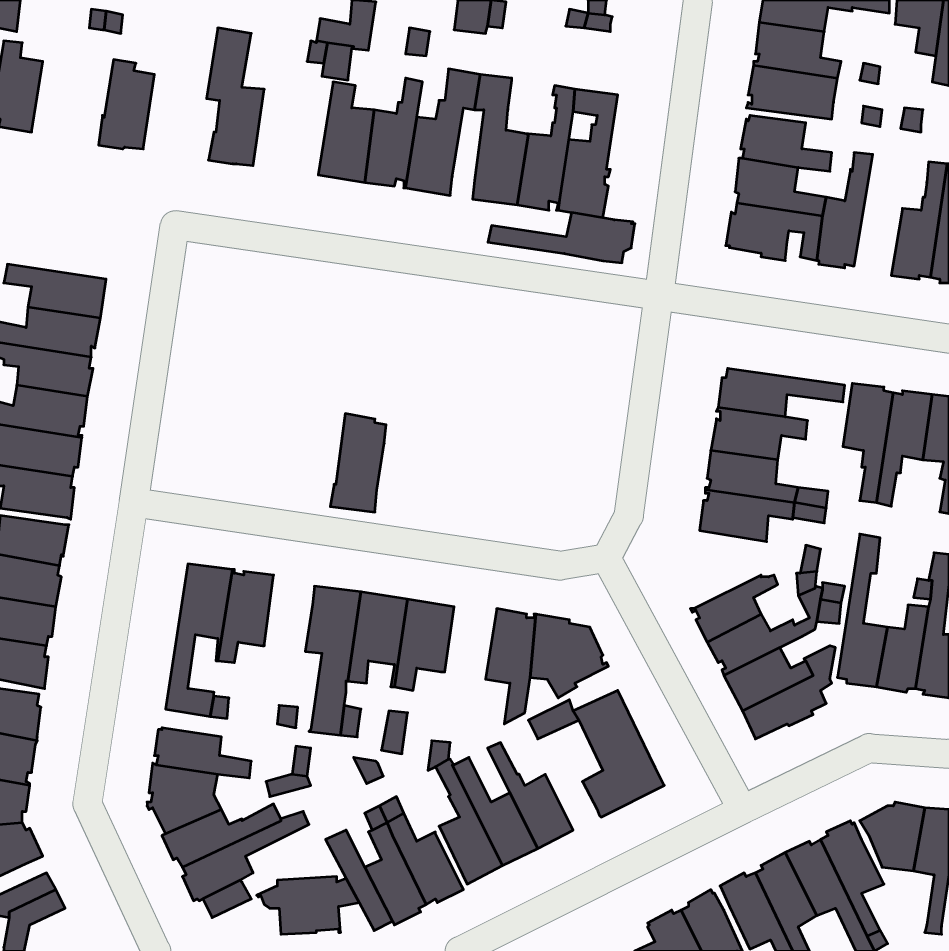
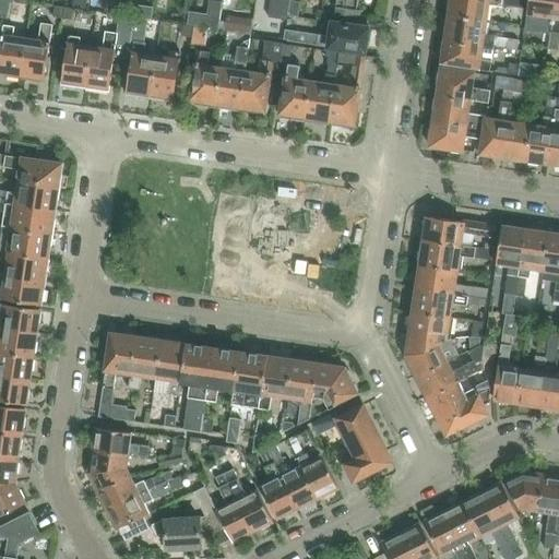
building: none -> [84,15,128,93]
building: none -> [19,22,51,81]
building: none -> [148,49,179,102]
building: none -> [501,91,530,162]
building: [488,213,635,263] -> [282,22,368,51]
building: [330,414,386,512] -> [152,337,185,395]
building: none -> [406,311,450,357]
building: none -> [257,355,292,409]

